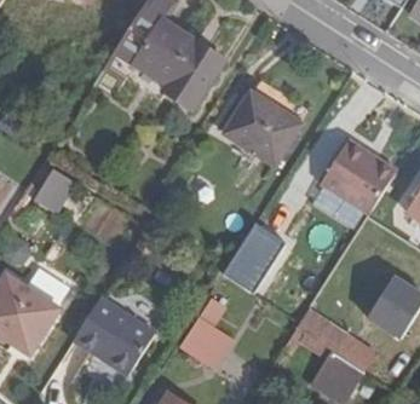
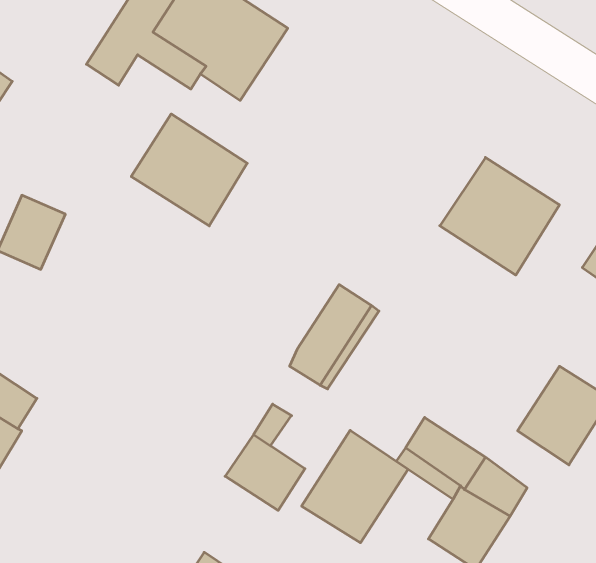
building: [225,92,299,163] -> [131,114,247,226]
building: [73,295,155,375] -> none
building: none -> [302,430,408,543]

